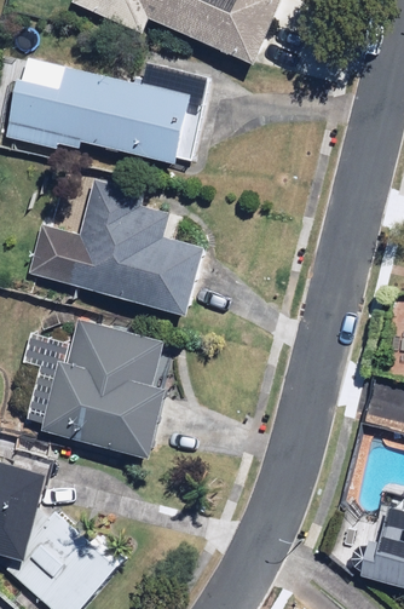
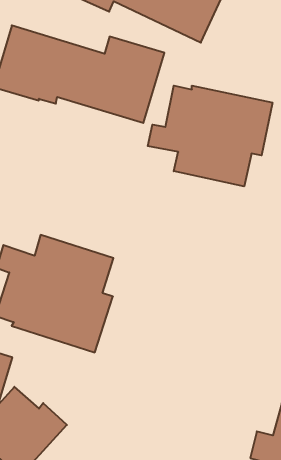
building: none -> [148,86,272,186]
building: [30,180,208,318] -> none

